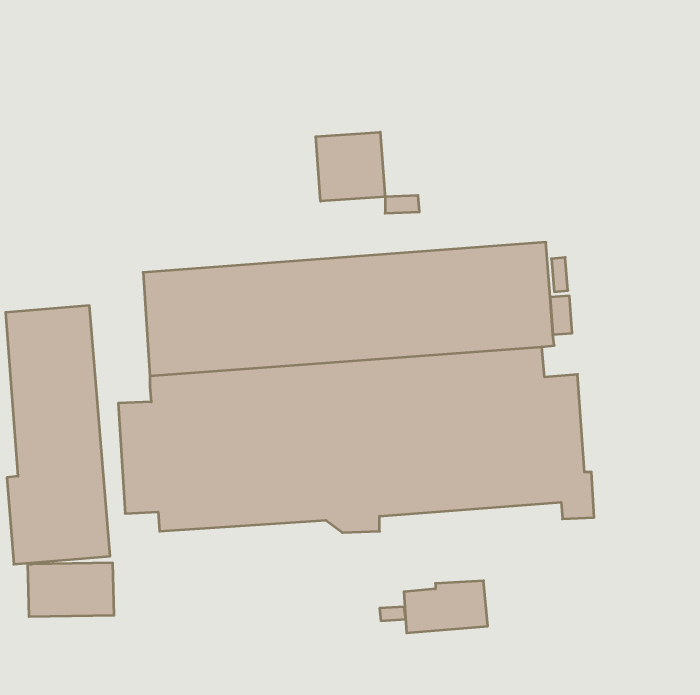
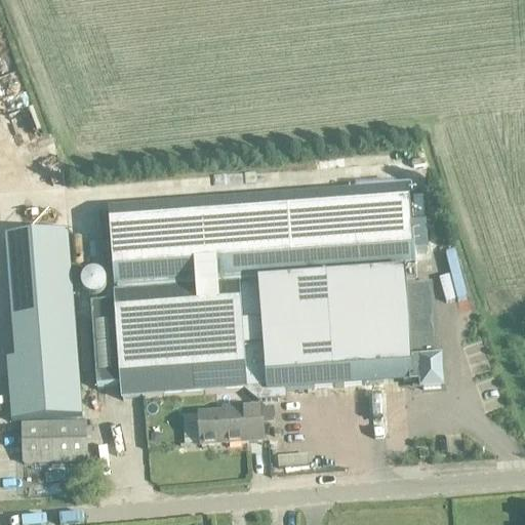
building: [316,132,385,201] -> none
building: [404,581,488,633] -> [199,402,261,441]

